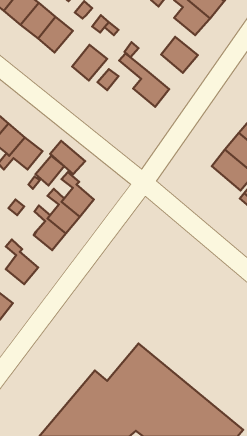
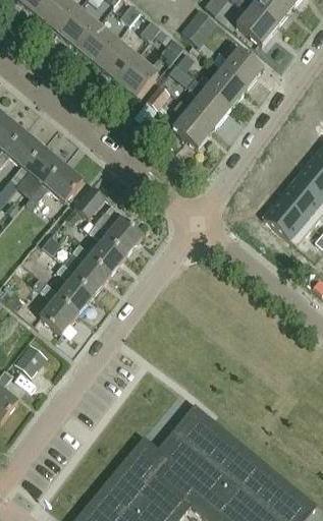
building: none -> [180,11,218,48]
building: none -> [97,40,138,81]
building: none -> [205,67,247,108]
building: none -> [172,100,214,149]
building: [50,141,85,174] -> none
building: none -> [264,197,314,245]
building: none -> [56,264,94,315]

